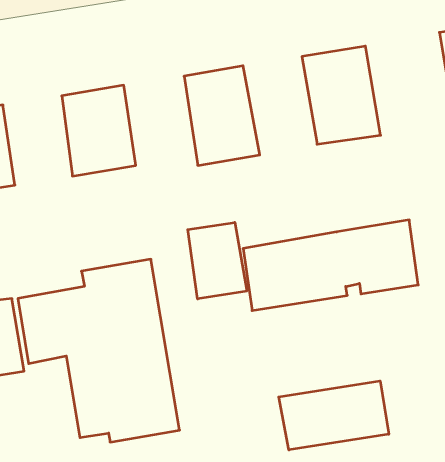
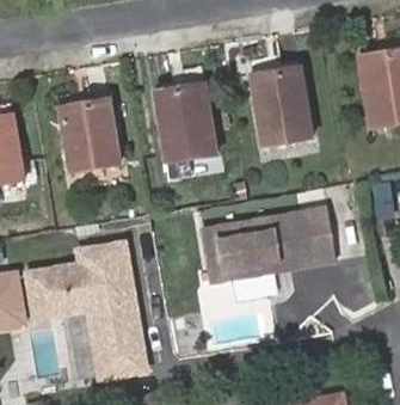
building: [188,222,247,299] -> none
building: [279,381,389,450] -> none

